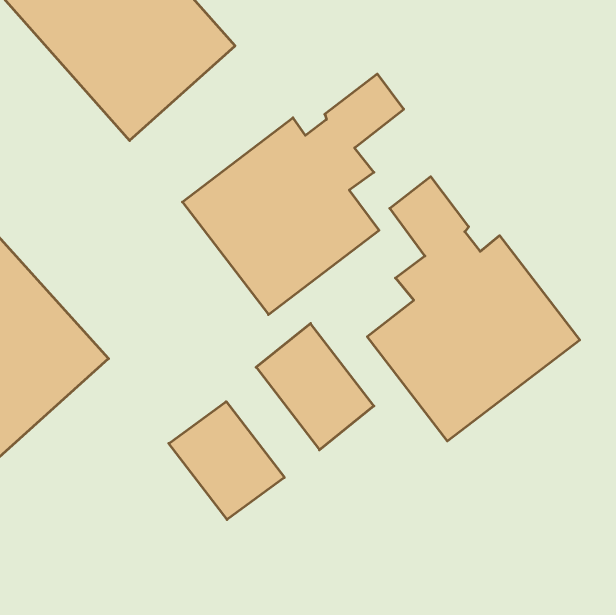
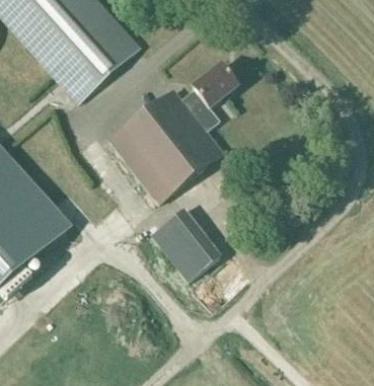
building: [367,177,580,441] -> none
building: [169,402,284,520] -> none

